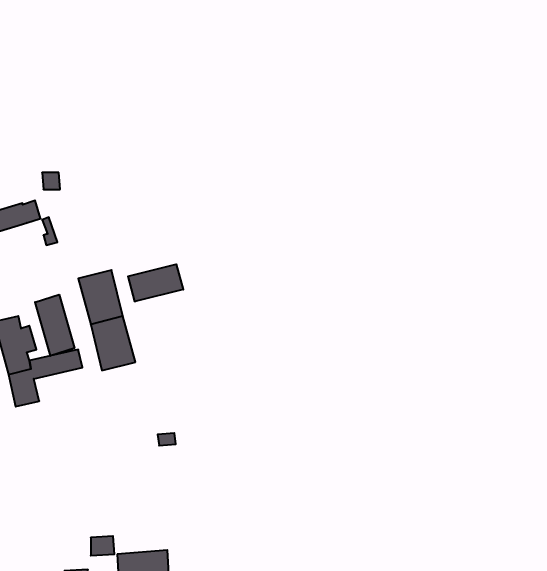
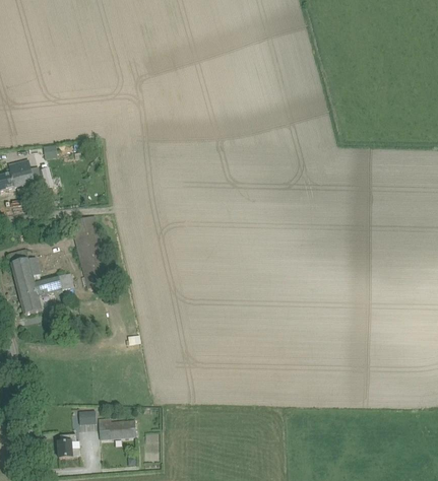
building: [128,264,183,302] -> none
building: [35,295,74,356] -> none

